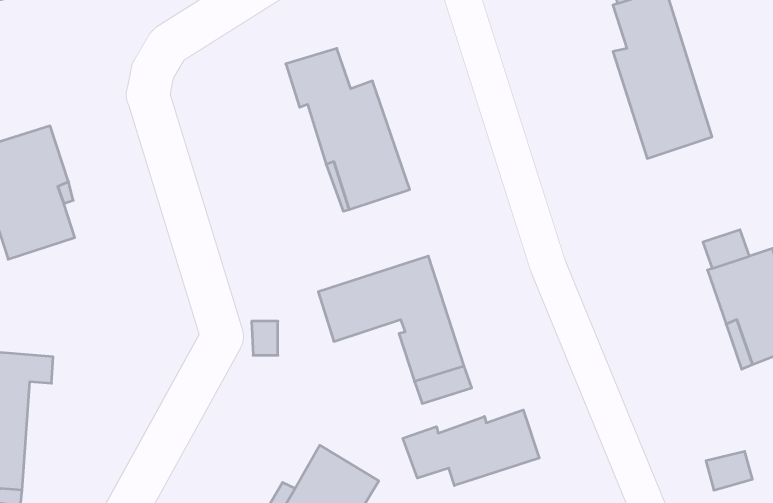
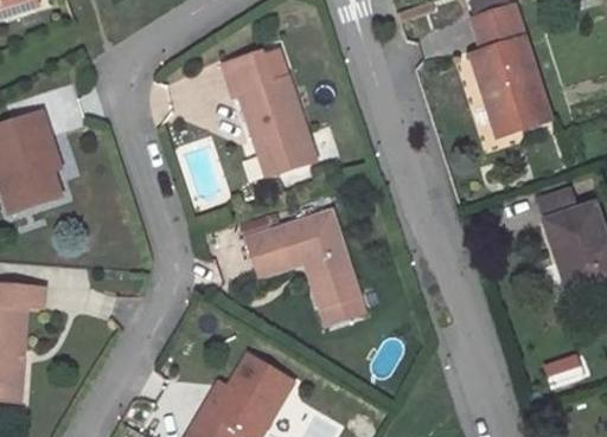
building: [403,410,539,486] -> none

